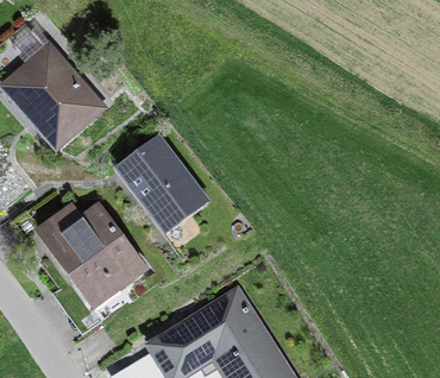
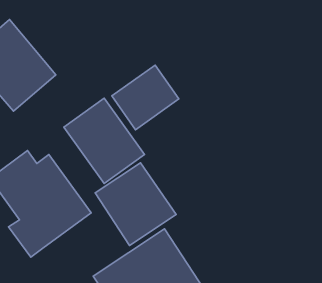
building: none -> [112,65,179,130]
building: none -> [95,163,176,245]

